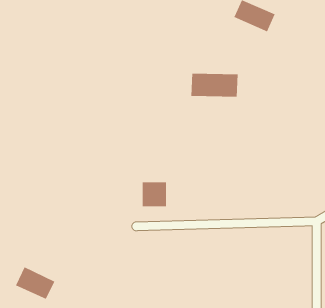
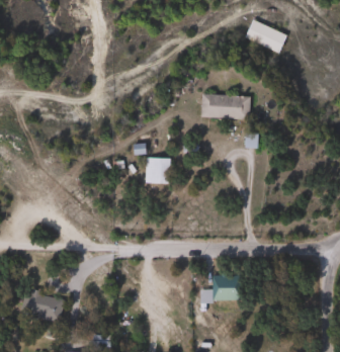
building: [142,182,167,207] -> [146,158,171,183]
building: none -> [201,275,242,300]

